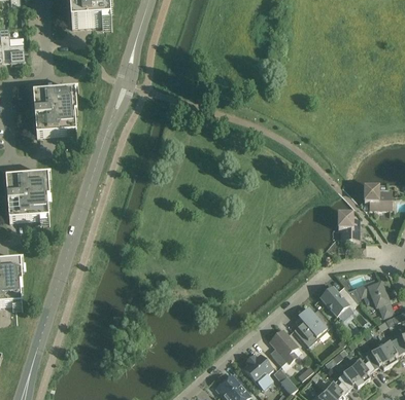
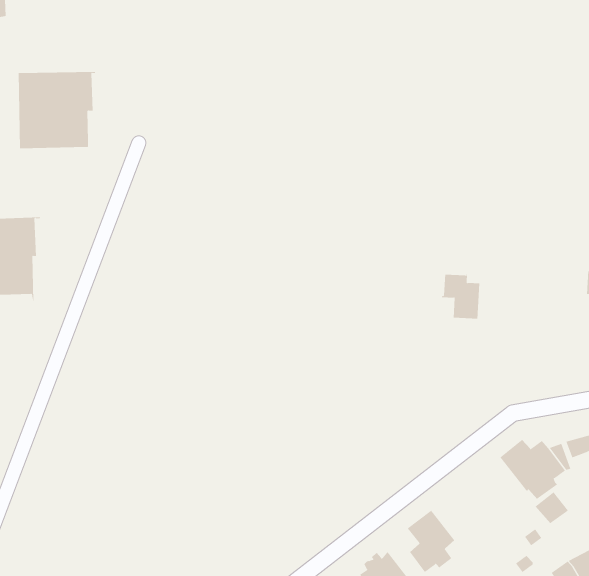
building: [336,213,358,239] -> [441,273,480,319]
building: [292,305,330,344] -> none

